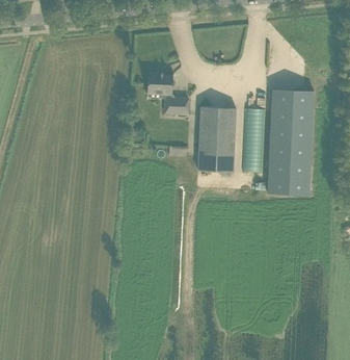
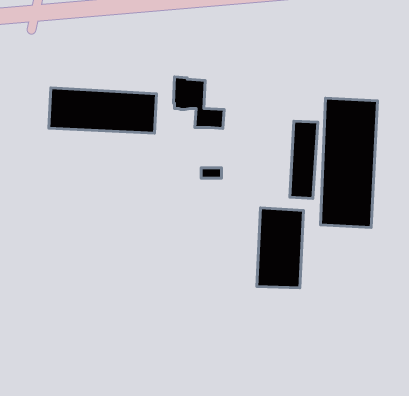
building: none -> [49,88,156,133]
building: [197,105,236,171] -> [257,208,304,288]

